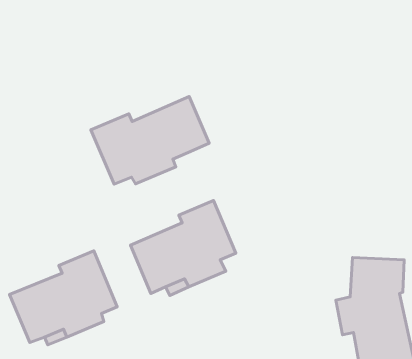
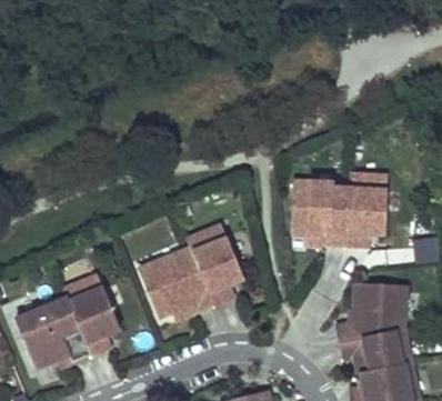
building: [91,96,209,184] -> none
building: none -> [287,173,383,244]

